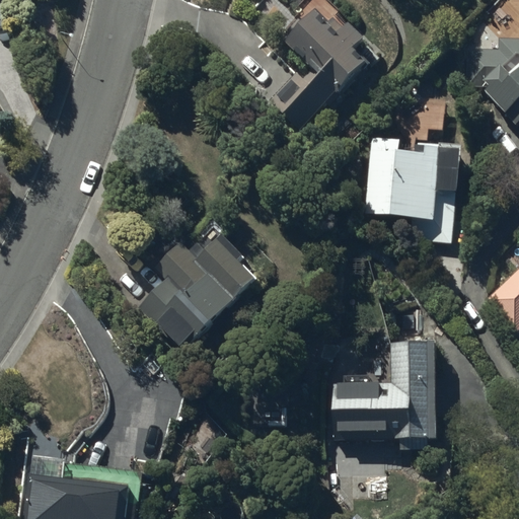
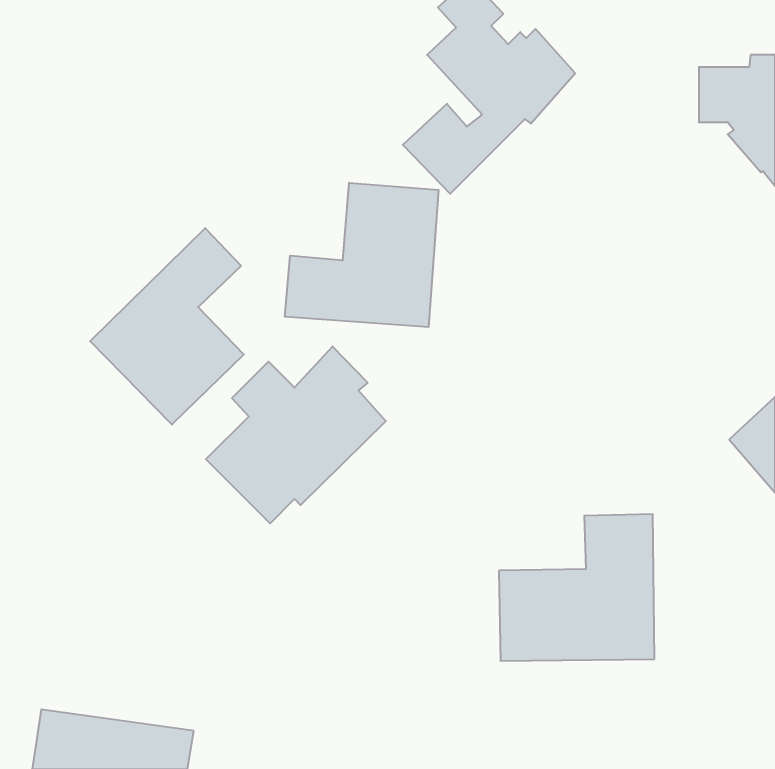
building: [366,93,460,239] -> none
building: none -> [285,183,438,327]
building: none -> [90,228,244,425]

